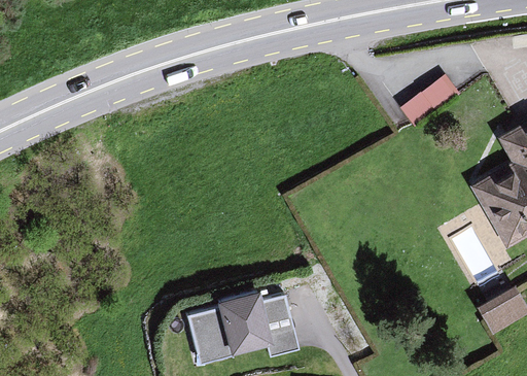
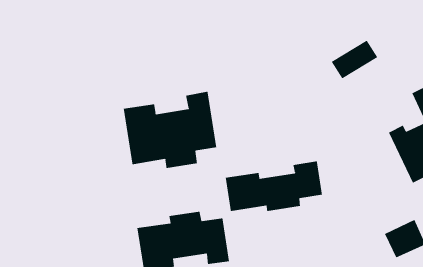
building: none -> [123,91,217,169]
building: none -> [225,160,322,212]

